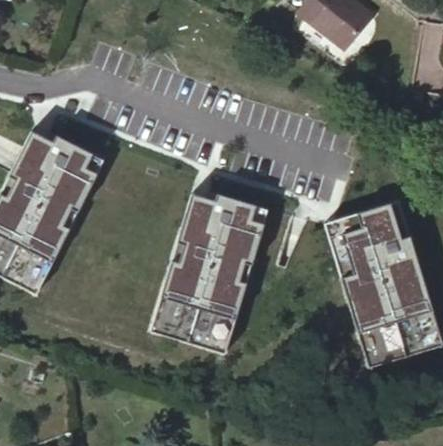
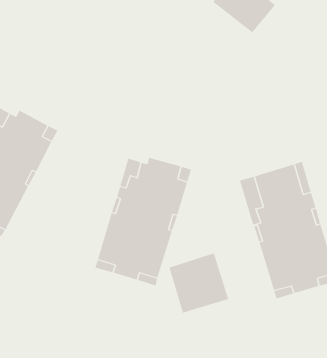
building: none -> [169,253,229,314]

